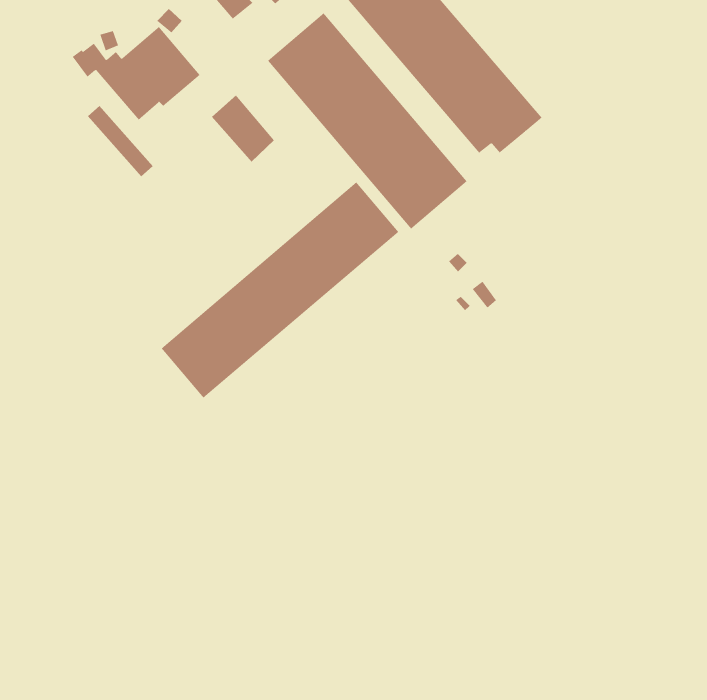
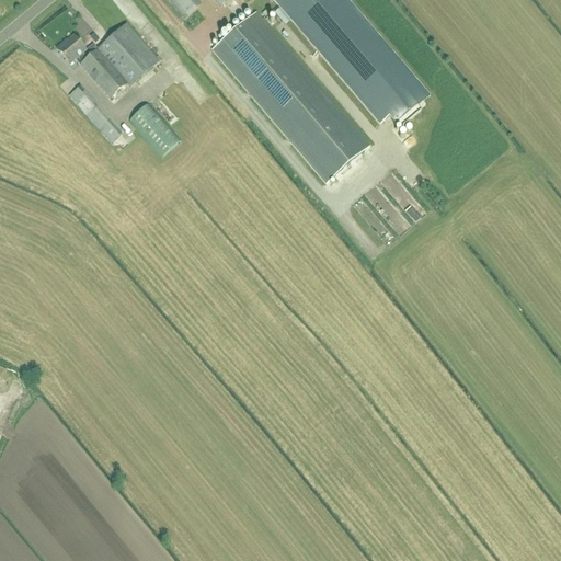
building: [211,95,275,162] -> [129,101,180,154]
building: [161,182,399,399] -> none

